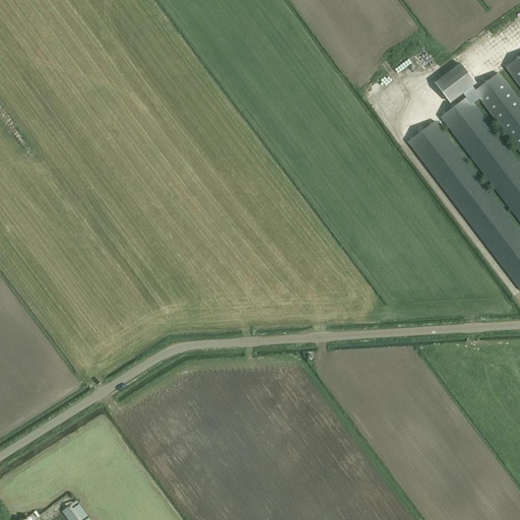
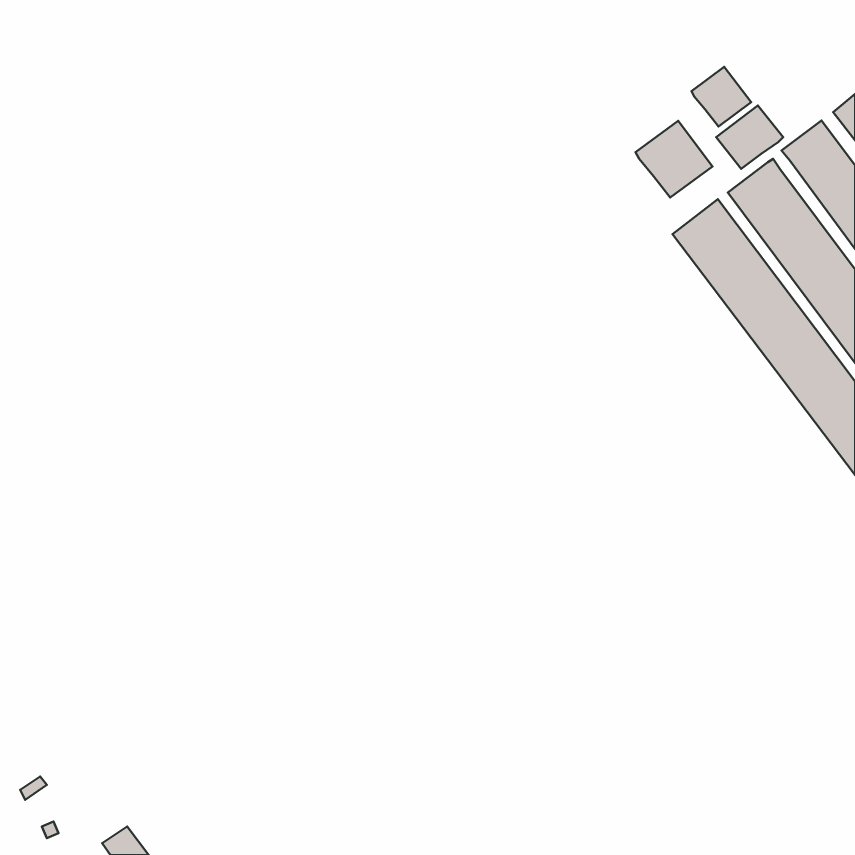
building: none -> [691,67,751,127]
building: none -> [636,121,713,198]

